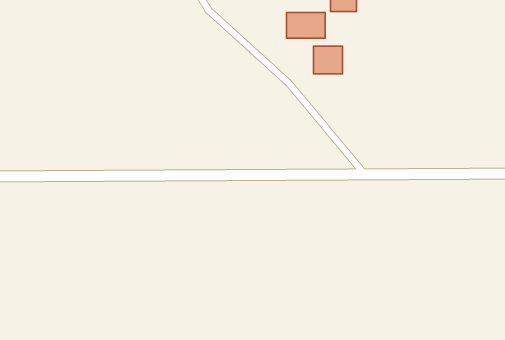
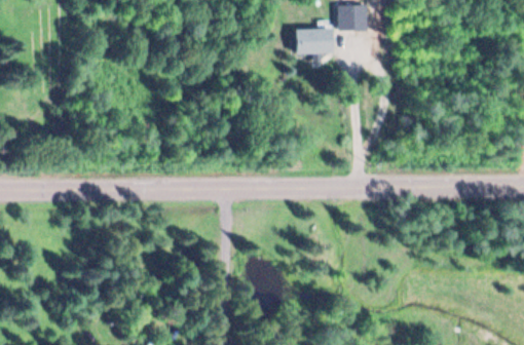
building: [313,46,342,74] -> none

